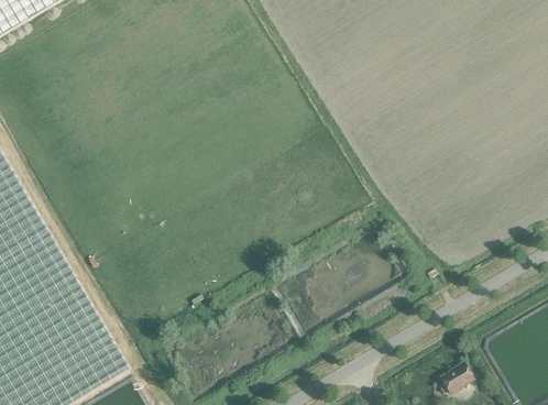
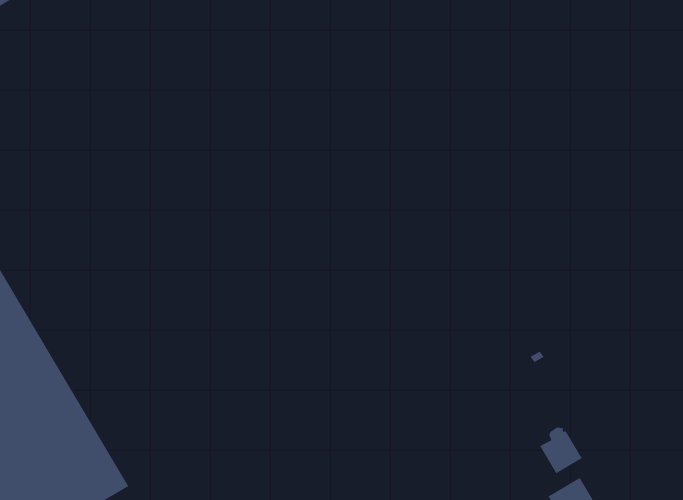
building: none -> [539,427,583,474]

